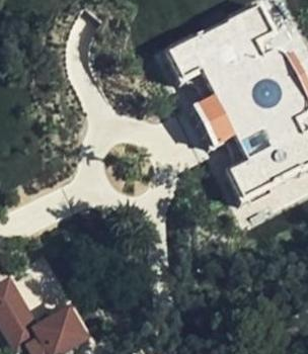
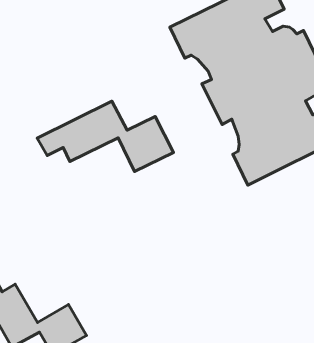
building: none -> [37,101,174,172]

